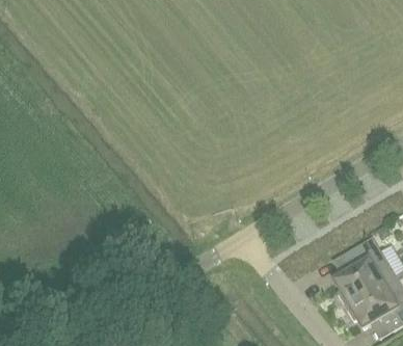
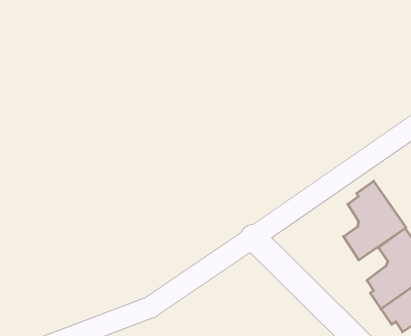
building: none -> [343,181,406,260]

